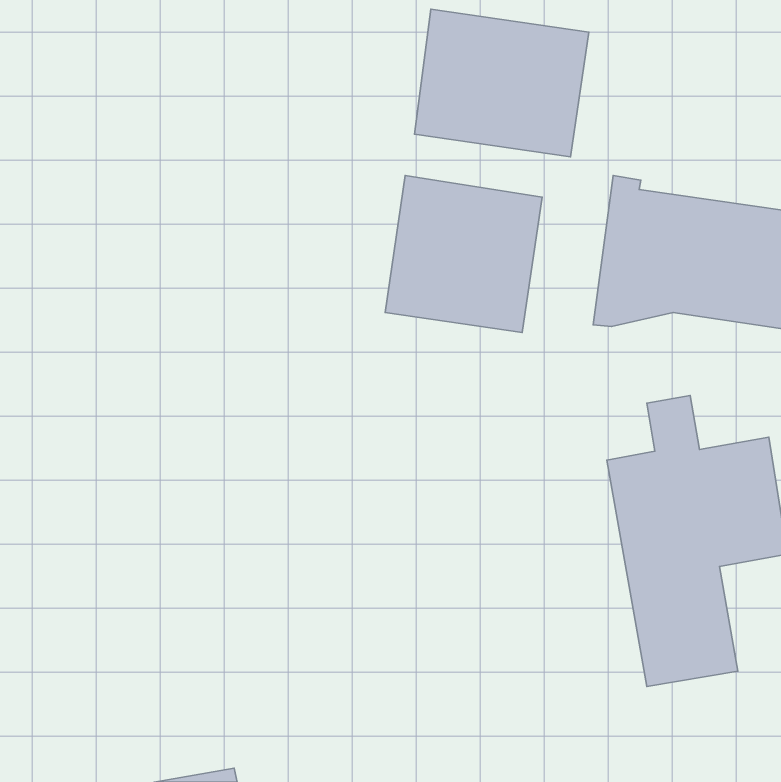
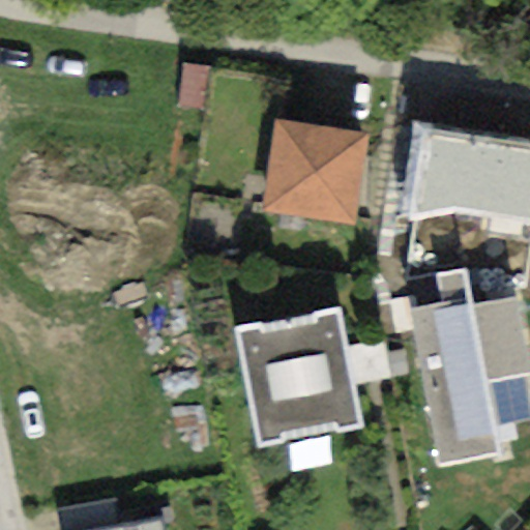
building: [414,9,589,157] -> none
building: none -> [233,305,364,445]

